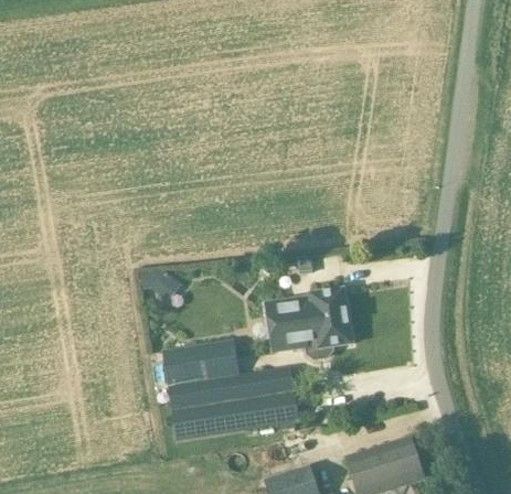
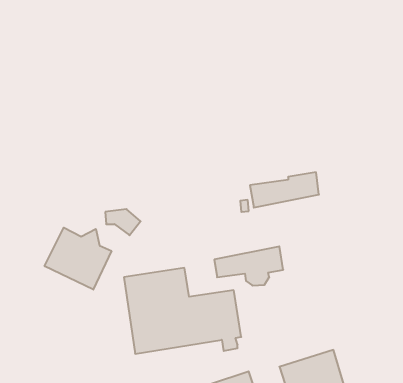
building: [265,288,347,330] -> [250,172,319,208]
building: none -> [45,228,111,290]

